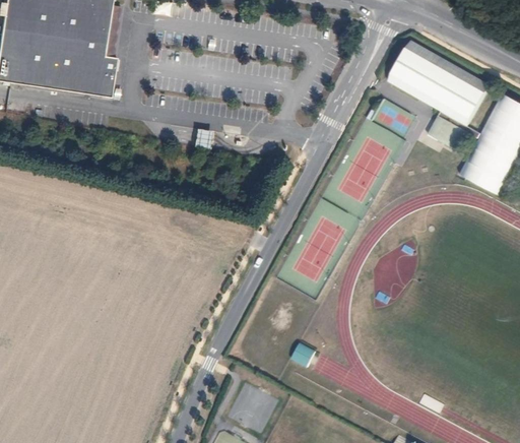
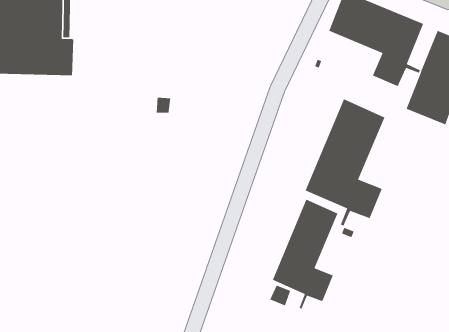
building: none -> [305,98,386,227]
building: none -> [272,199,338,310]

